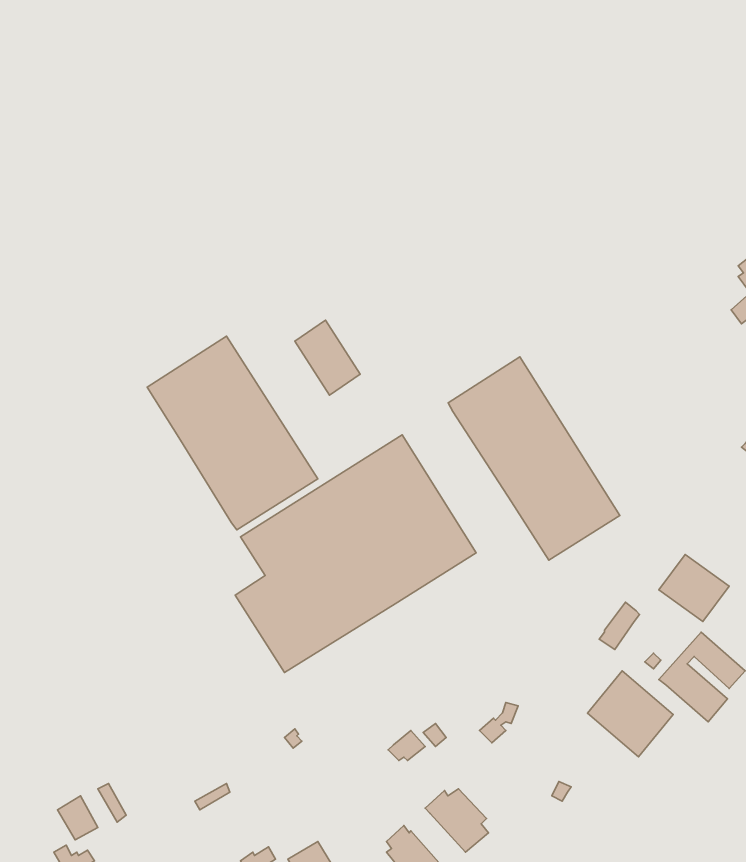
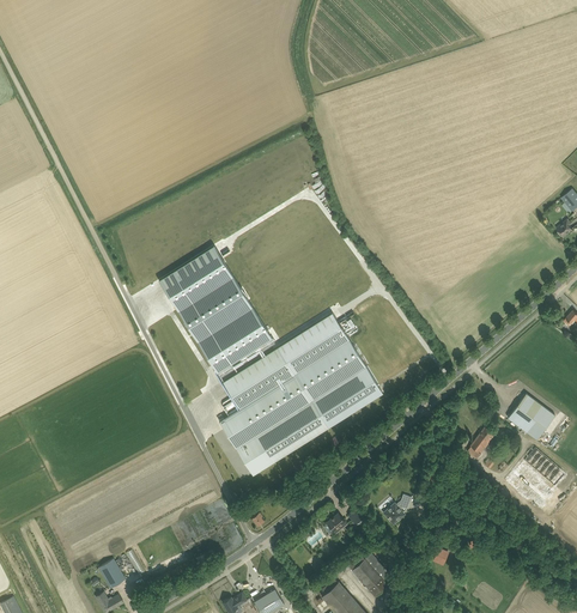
building: [295,320,360,395] -> none
building: [448,357,620,560] -> none
building: [588,671,673,757] -> none

